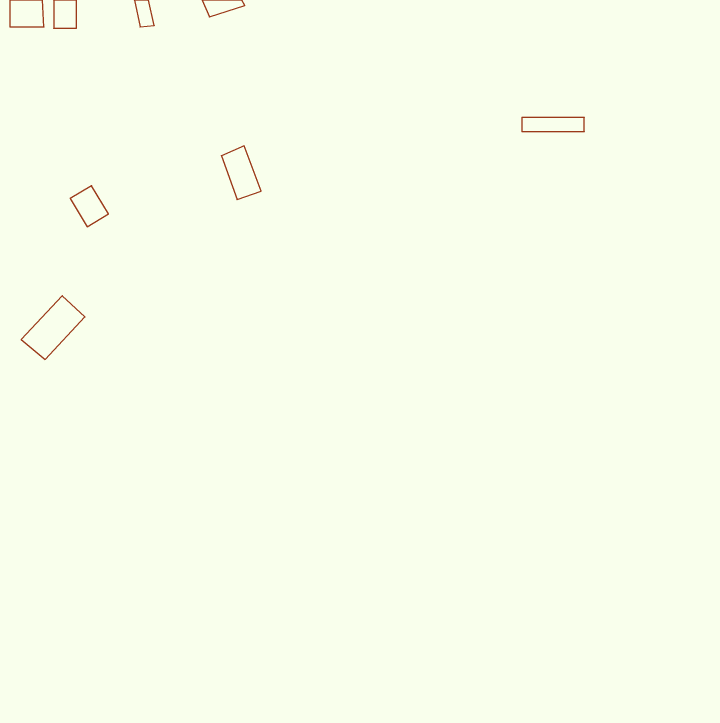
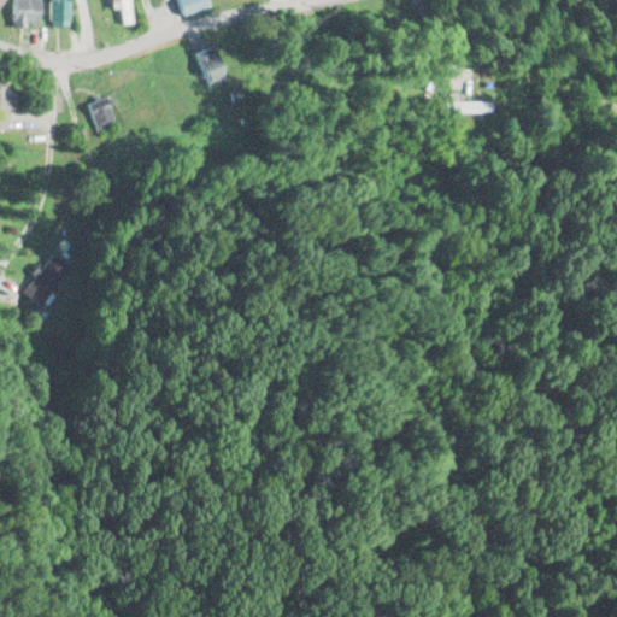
building: [221,146,261,200] -> [196,43,230,89]
building: [70,186,108,227] -> [88,95,121,130]

